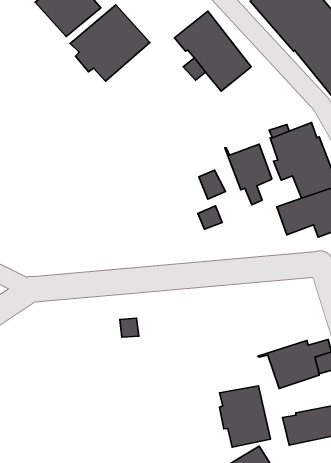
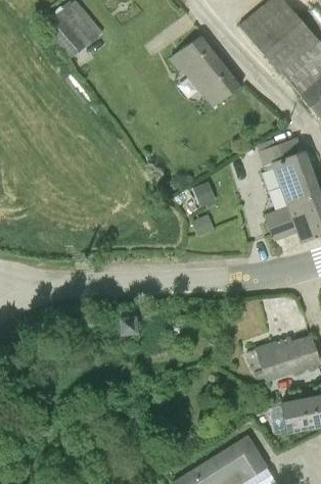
building: [70,5,150,81] -> none
building: [225,144,272,205] -> none
building: [219,386,270,447] -> none

